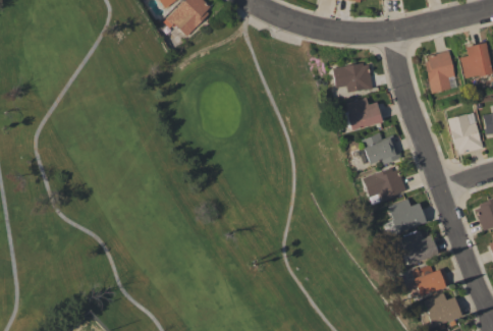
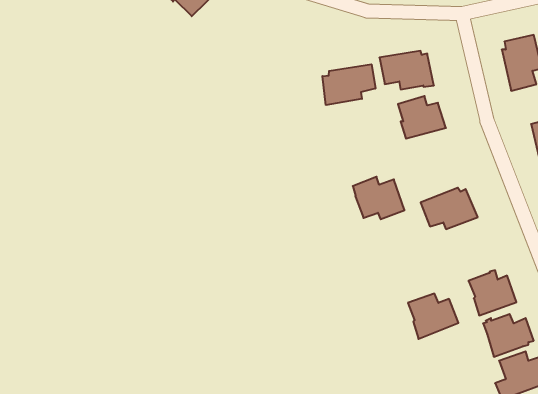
building: none -> [322,64,375,105]
building: [363,132,402,165] -> [353,177,405,219]
building: [388,199,427,233] -> [408,294,458,339]

